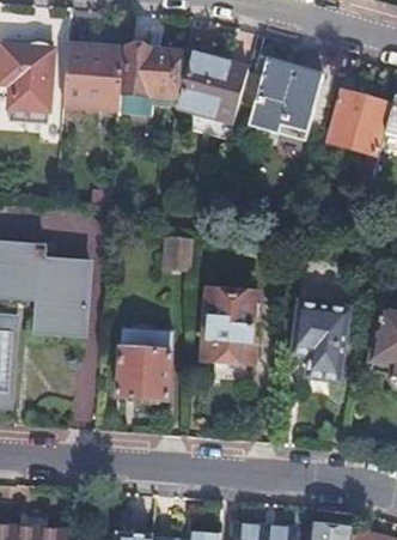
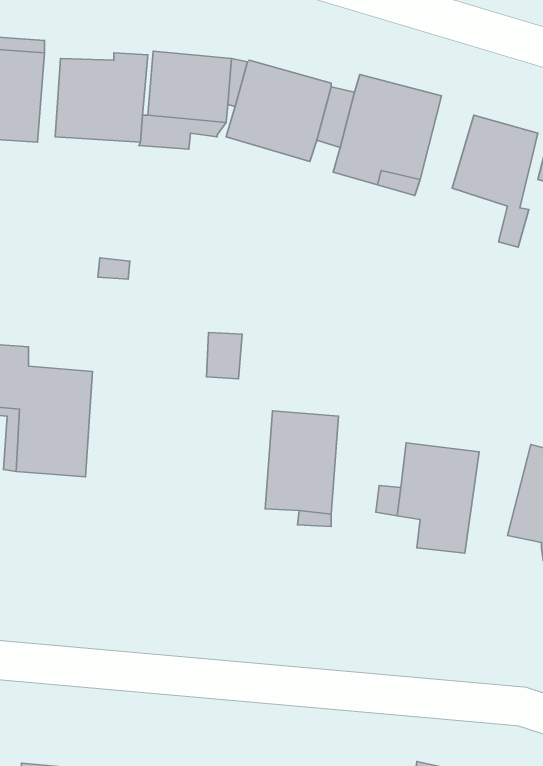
building: [117,323,172,395] -> none

